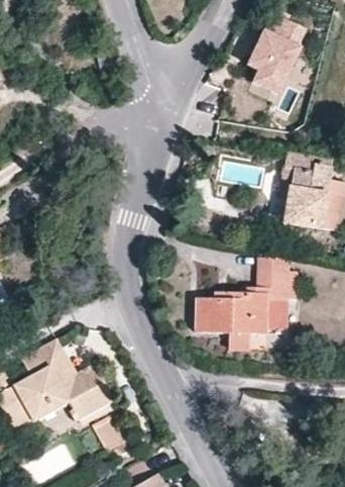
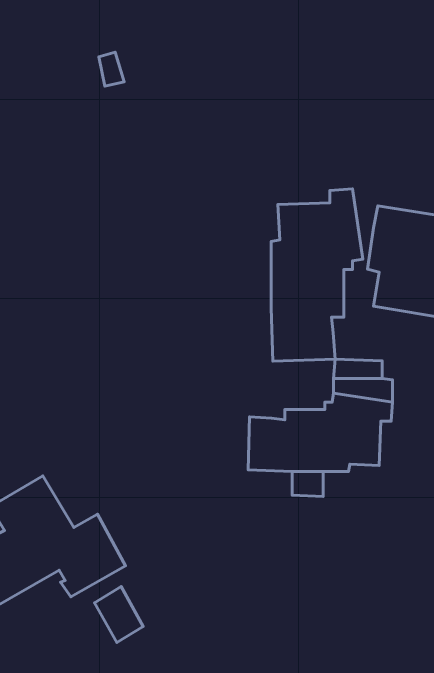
building: [249,16,315,109] -> none
building: none -> [271,189,363,361]

